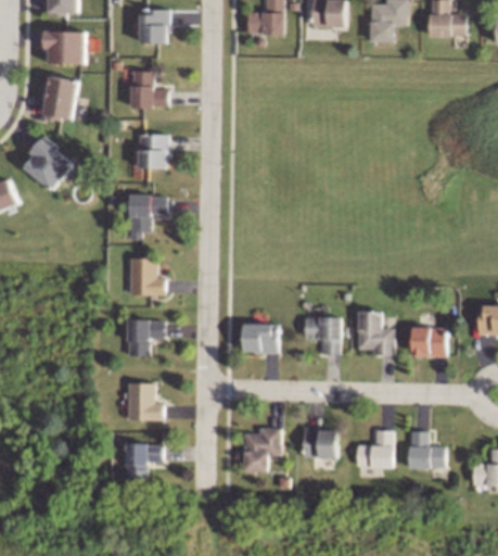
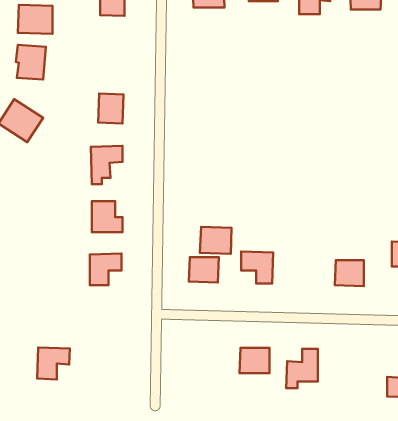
building: [130,71,168,108] -> none
building: none -> [200,227,231,254]
building: [357,311,394,356] -> none
building: [128,383,164,420] -> none
building: [244,428,280,471] -> none
building: [409,431,445,468] -> none
building: [126,443,164,480] -> [37,348,70,379]

